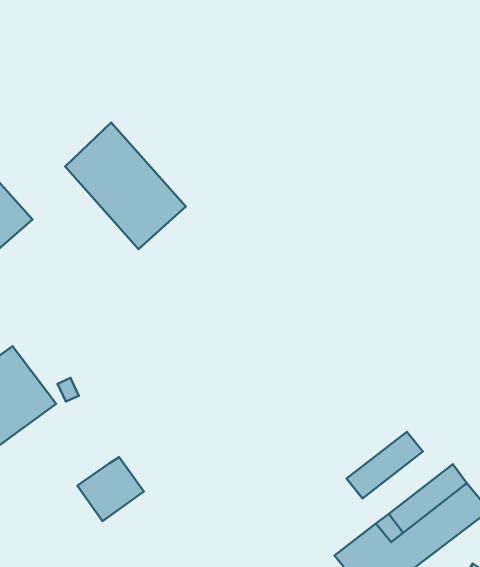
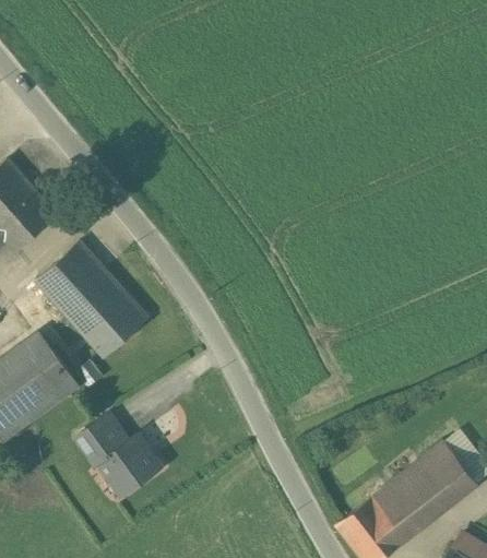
building: [65,123,186,249] -> [36,240,147,357]
building: [347,432,423,498] -> none
building: none -> [76,414,128,465]

